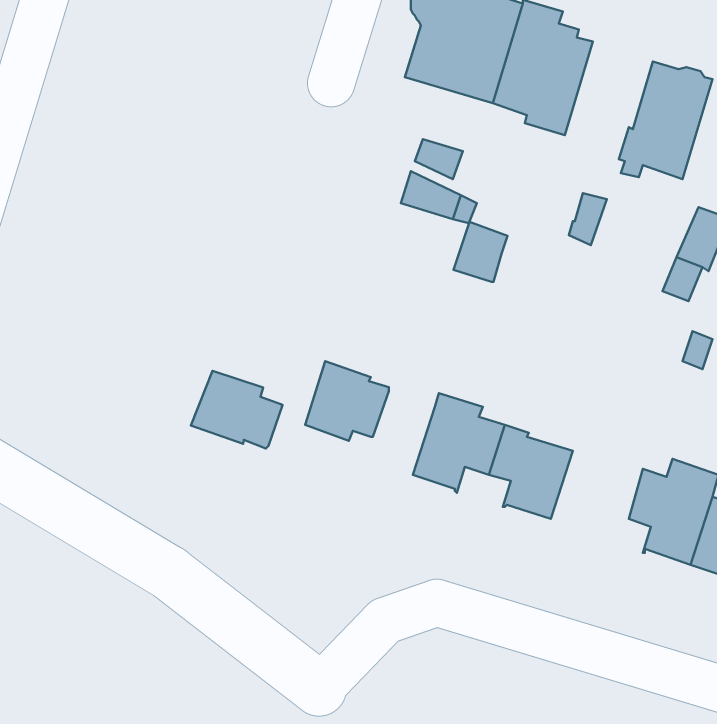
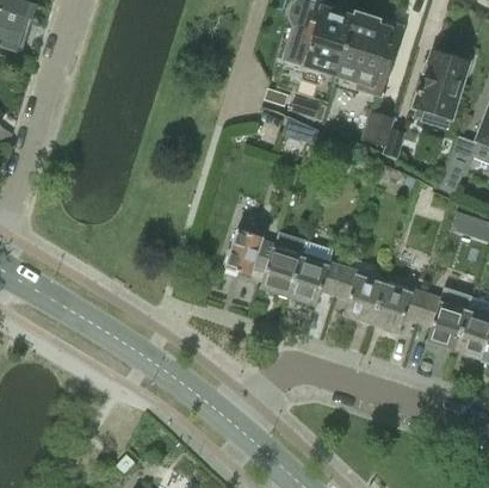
building: [453,222,507,282] -> [363,109,395,144]
building: [191,371,283,448] -> none
building: none -> [260,246,303,296]
building: none -> [372,277,427,333]

